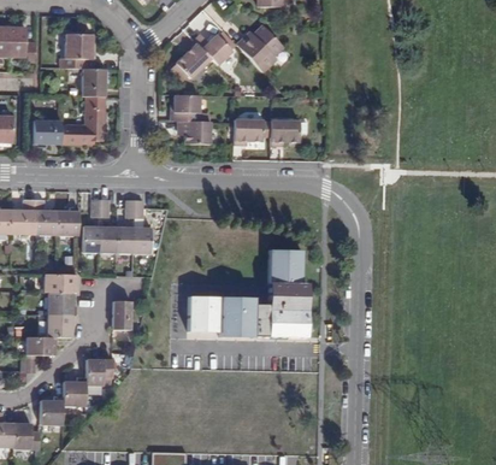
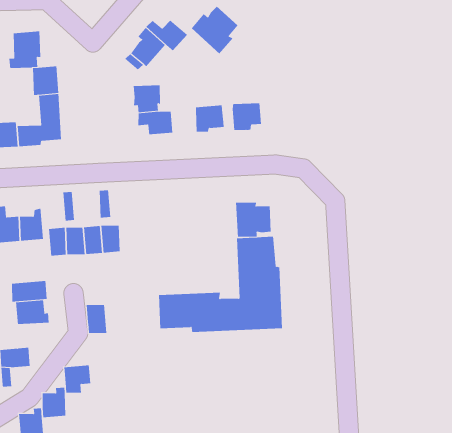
building: none -> [235,202,271,237]
building: [45,313,77,336] -> none

